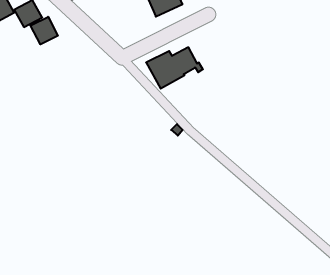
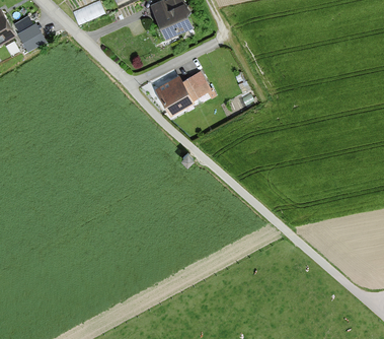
building: [30,17,58,44] -> none

